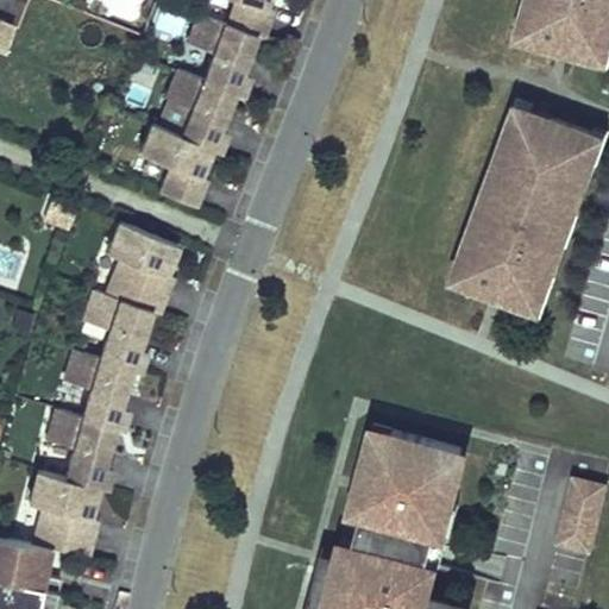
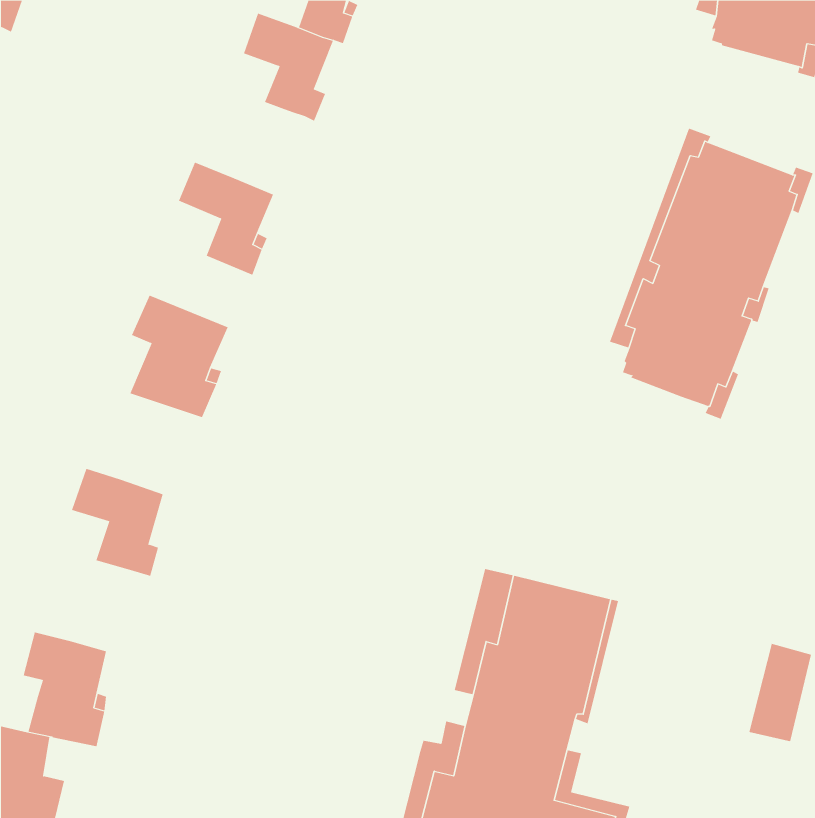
building: [167,73,233,152] -> none
building: [82,293,150,372] -> none
building: [44,410,105,486] -> none

